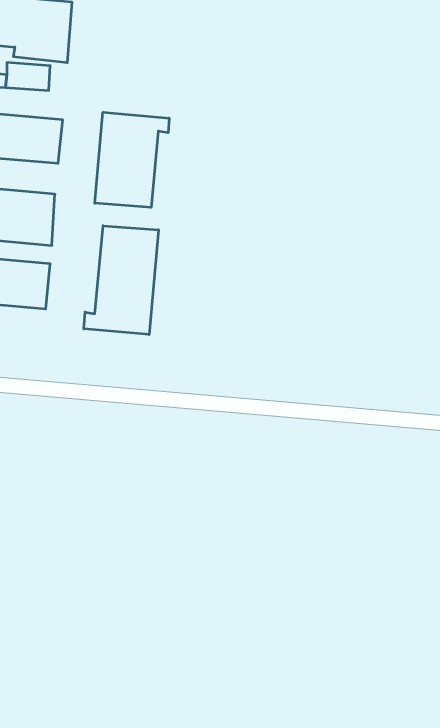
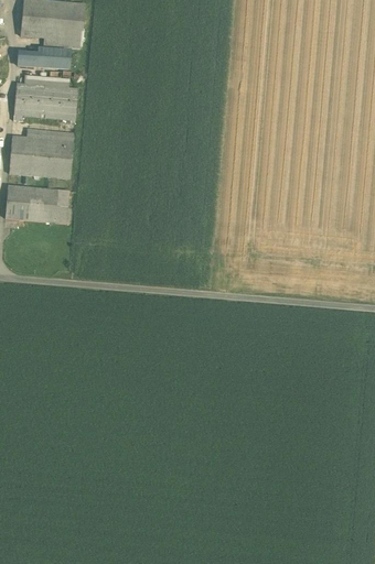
building: [95,112,169,207] -> none
building: [84,226,158,335] -> none

